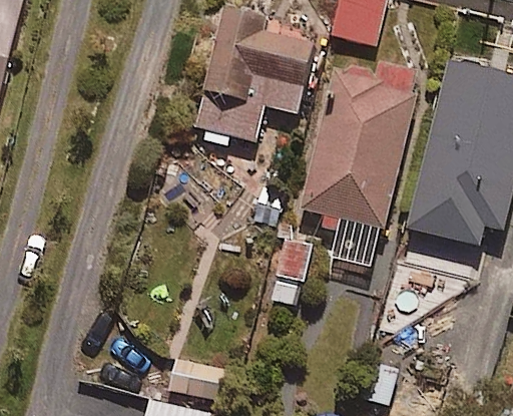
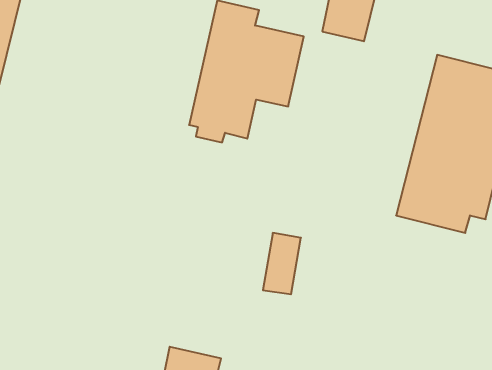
building: [300,57,420,237] -> none

